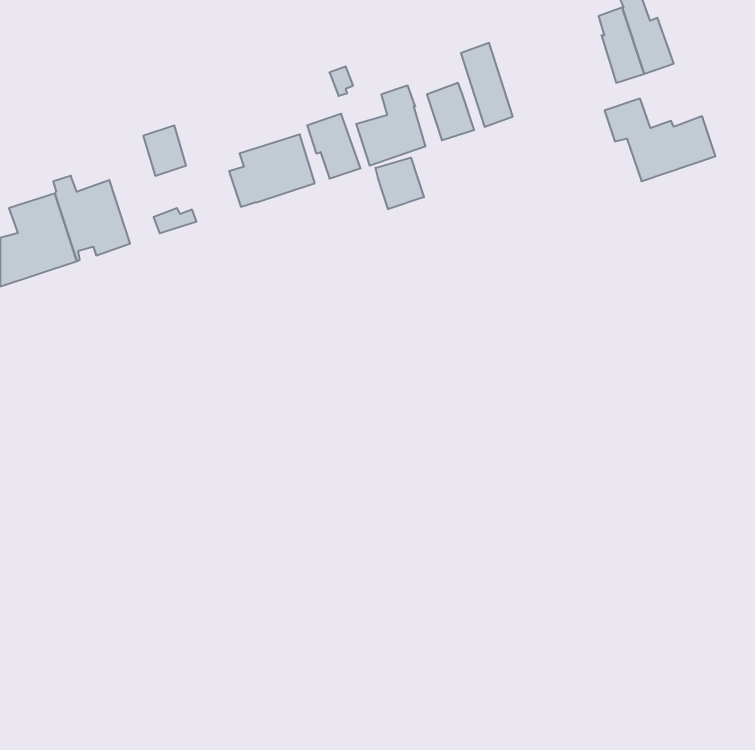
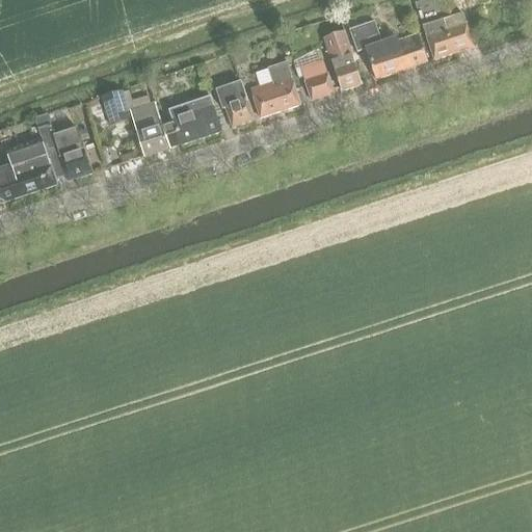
building: [605,99,715,181] -> [349,20,427,78]
building: none -> [129,100,169,155]
building: [375,158,424,209] -> none

